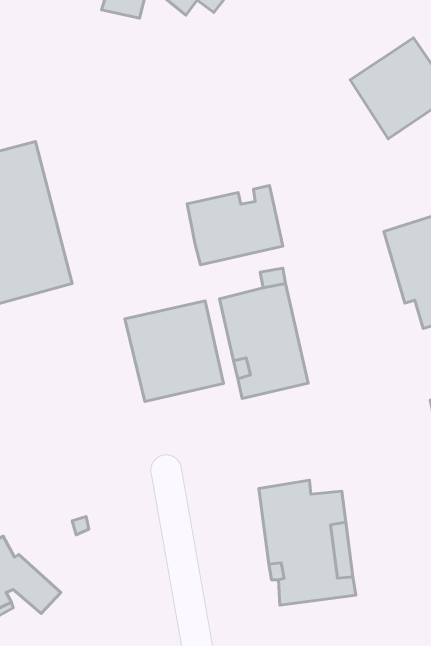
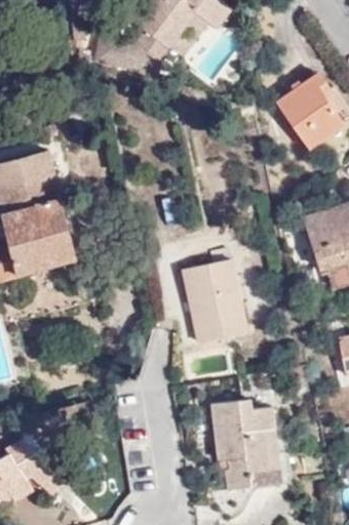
building: [187,185,283,265] -> none
building: [125,301,223,402] -> none

